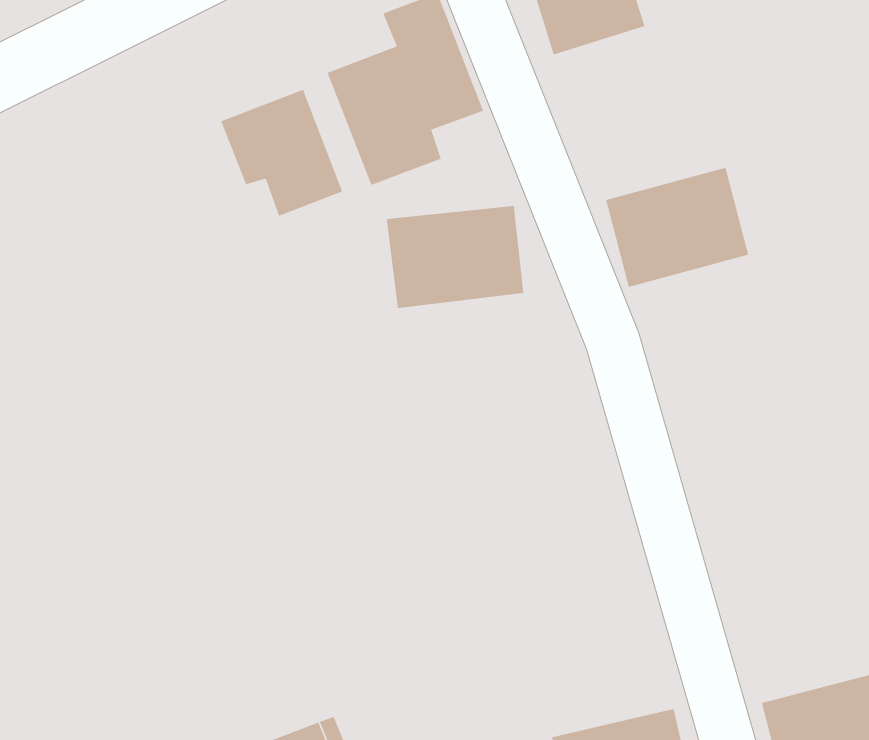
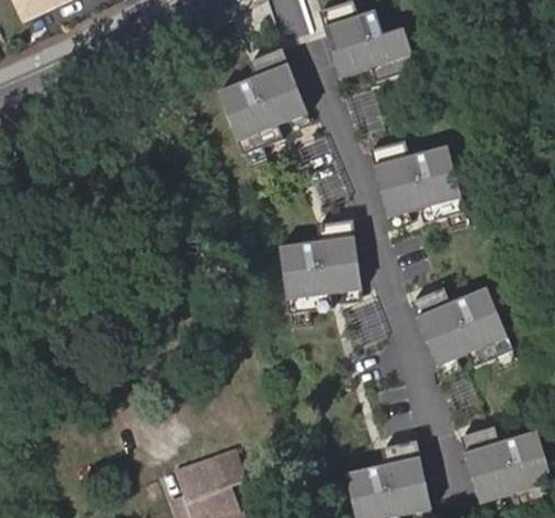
building: [220,89,343,217] -> none
building: [386,205,524,309] -> [280,235,359,295]
building: none -> [416,286,507,367]

